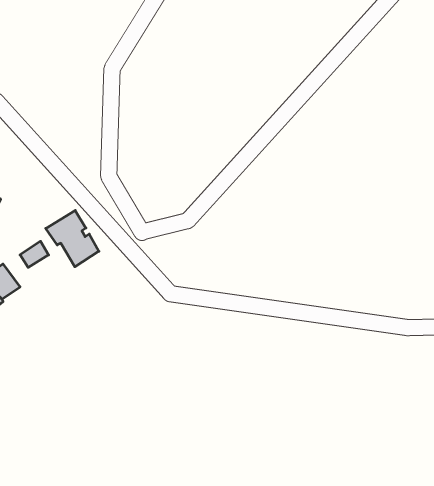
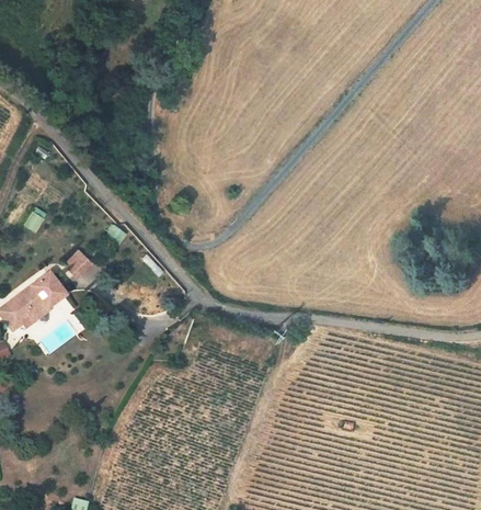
building: [46,210,99,267] -> none

